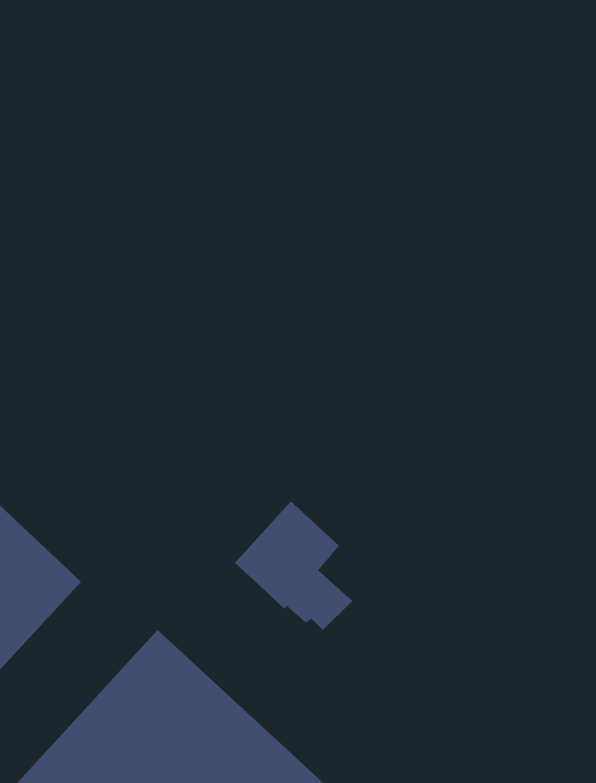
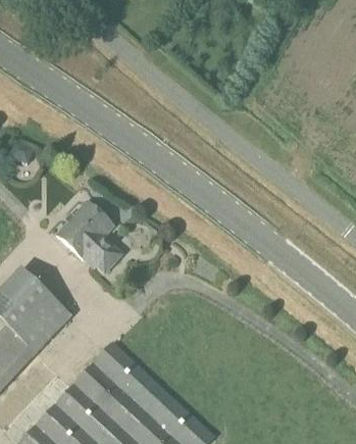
building: [234,500,353,631] -> [57,200,121,270]

